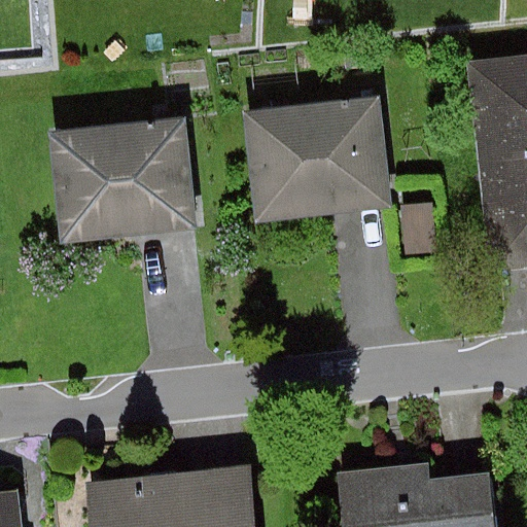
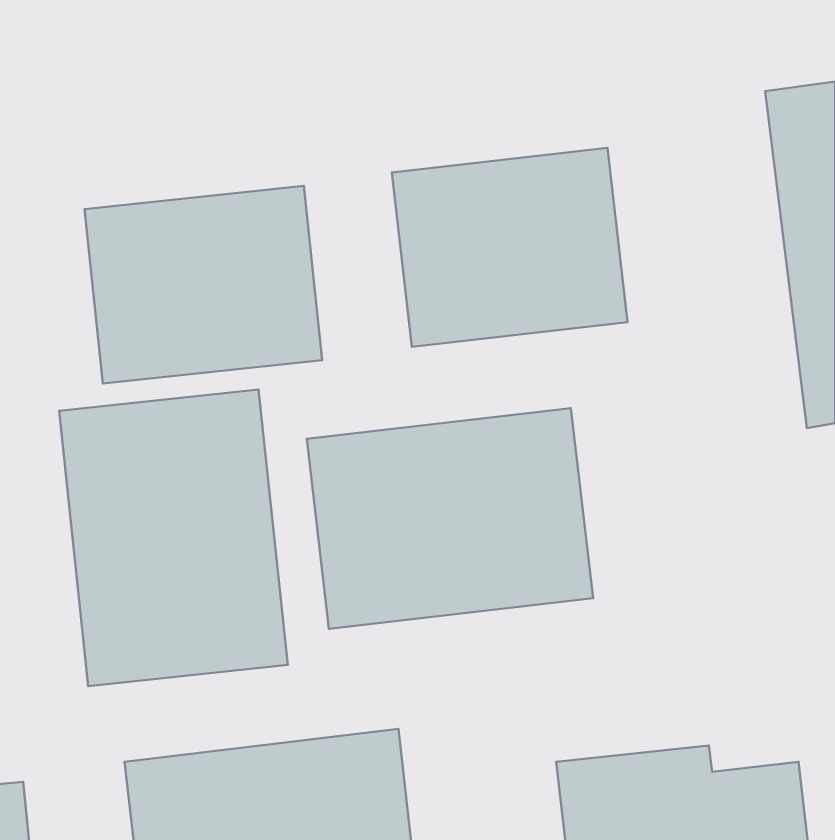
building: none -> [59,390,288,686]
building: none -> [307,408,593,629]

